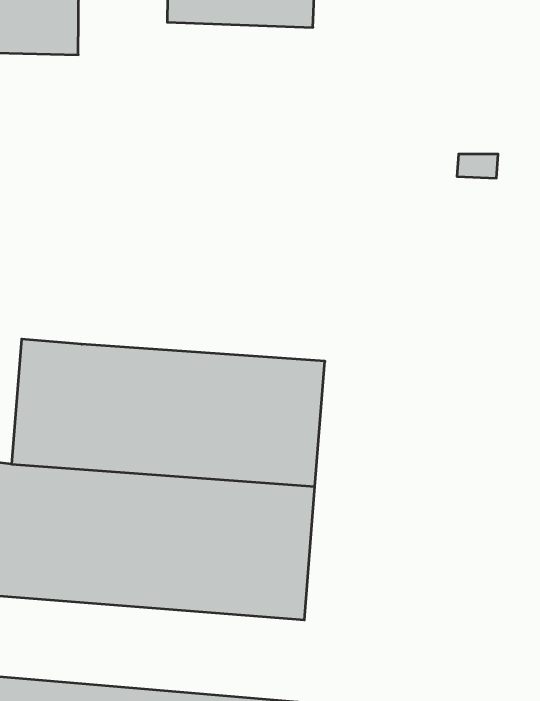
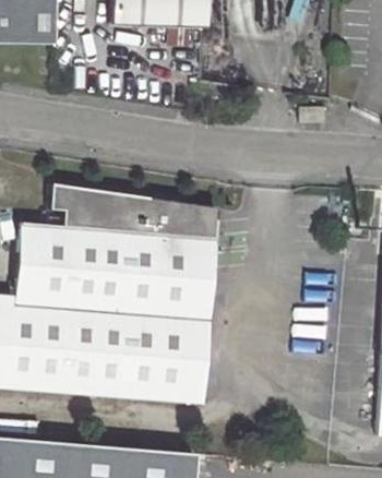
building: none -> [48,182,218,239]

